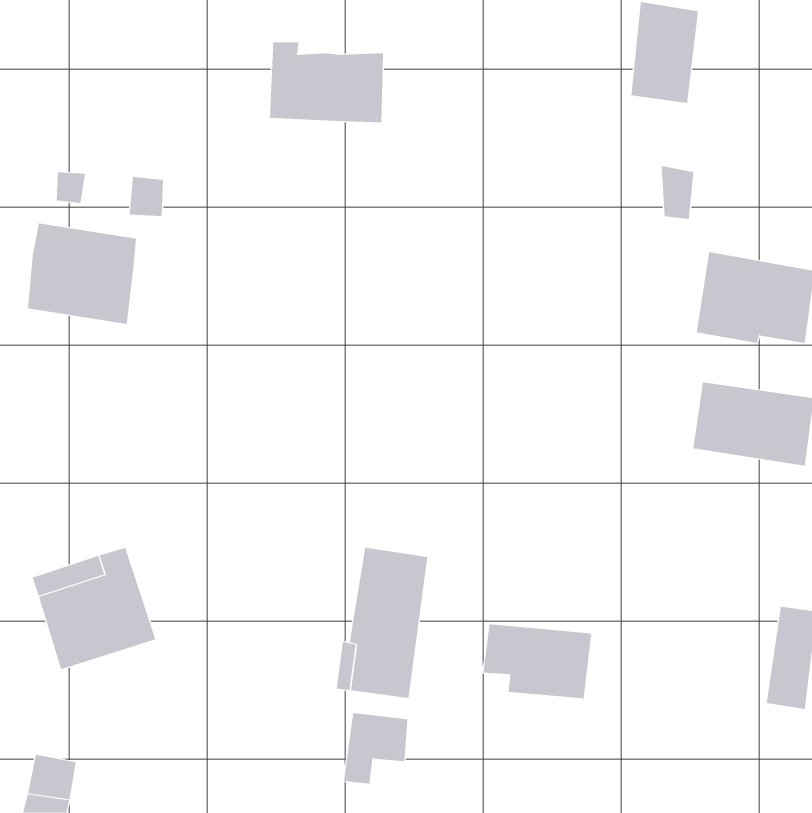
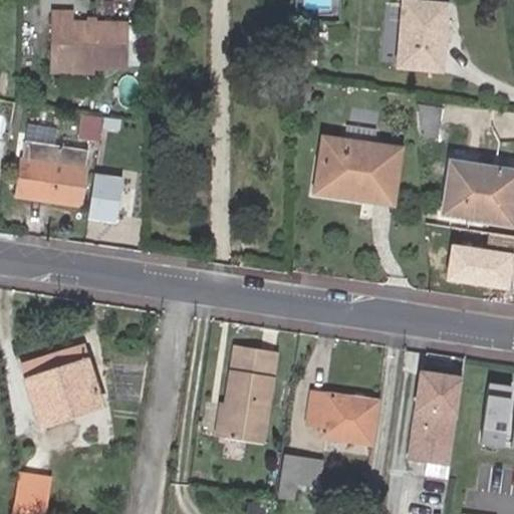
building: [269,42,384,123] -> [53,17,125,68]
building: none -> [312,116,404,201]
building: none -> [89,174,125,225]
building: none -> [410,370,466,467]
building: [343,713,408,784] -> [277,455,318,500]

